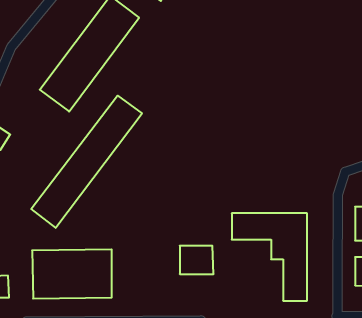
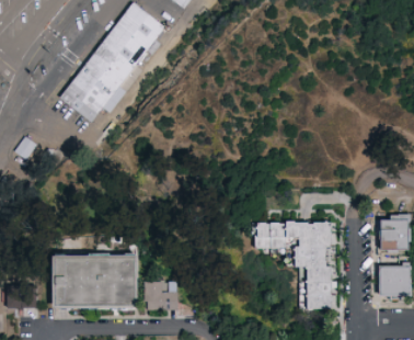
building: [31,96,142,228] -> none
building: [180,246,214,274] -> [146,282,180,310]

